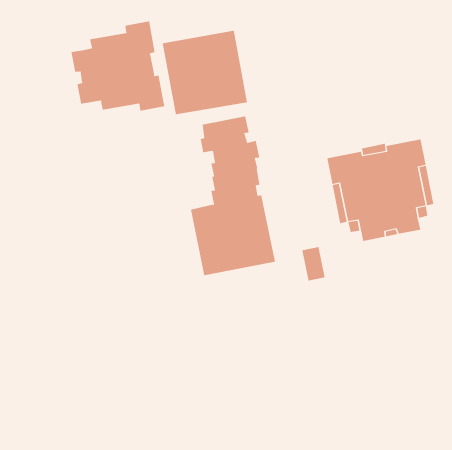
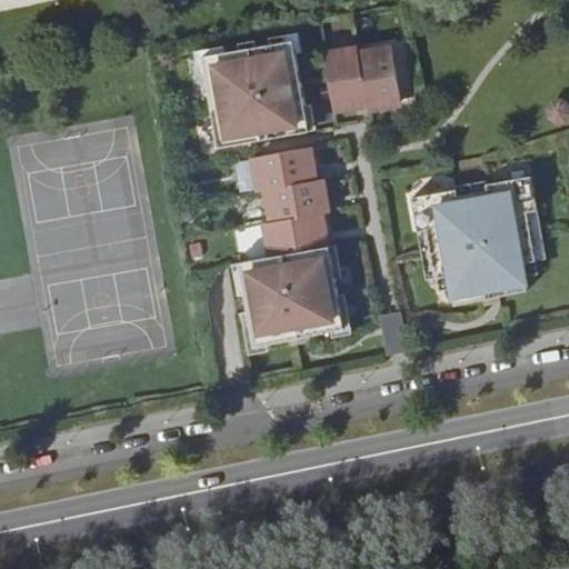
building: [71,21,165,111] -> none
building: none -> [326,42,402,111]

